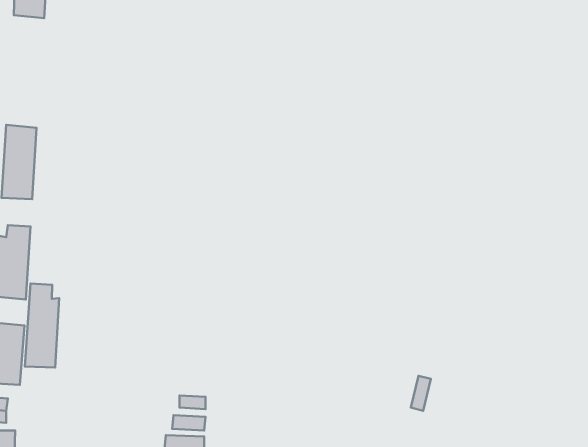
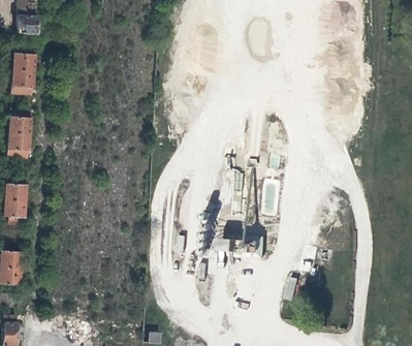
building: none -> [11,43,36,95]
building: [25,283,59,367] -> none

